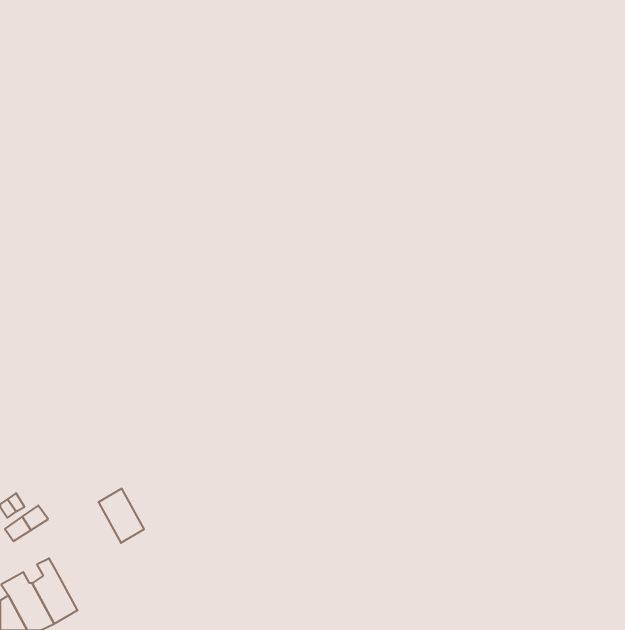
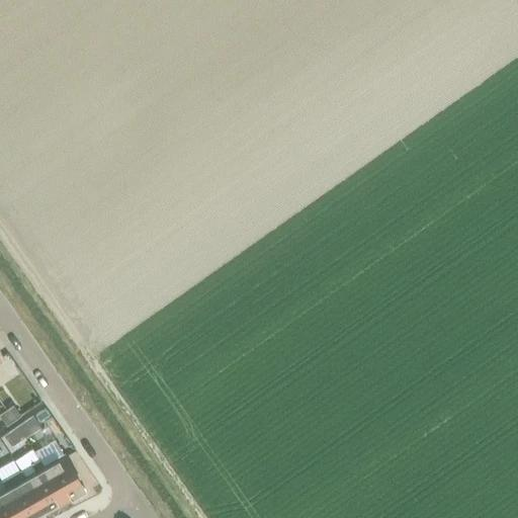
building: [98,489,144,543] -> [50,456,87,501]

